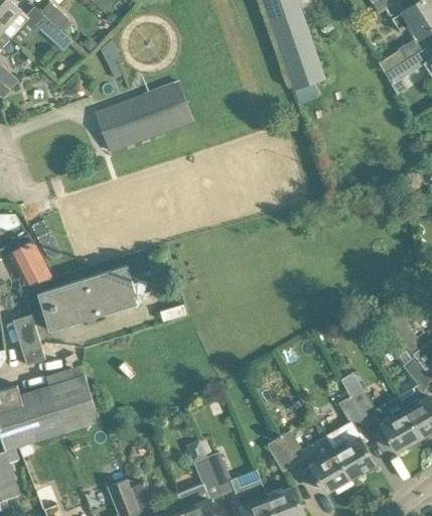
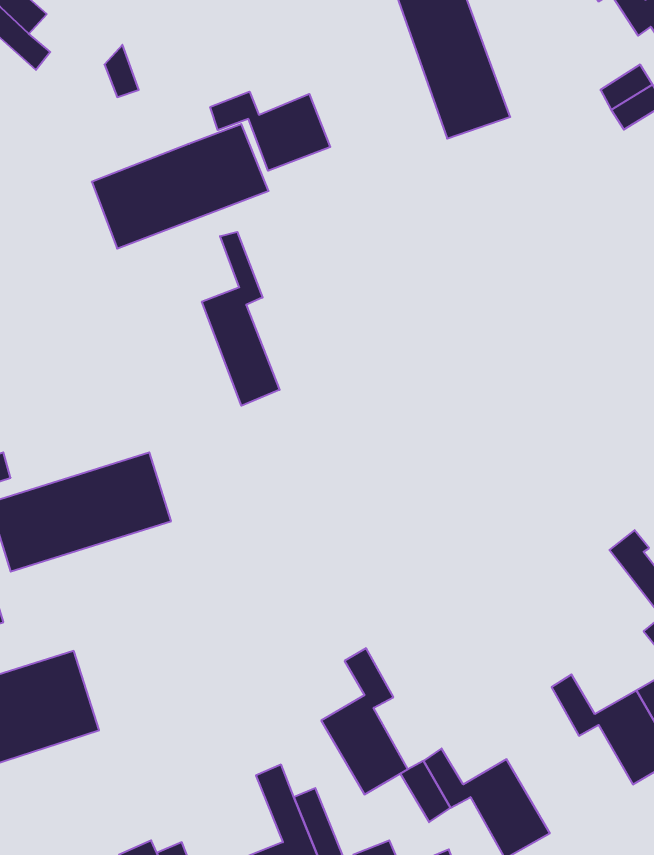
building: none -> [210,92,330,171]
building: none -> [202,232,280,406]
building: [325,396,374,478] -> [321,648,408,794]

